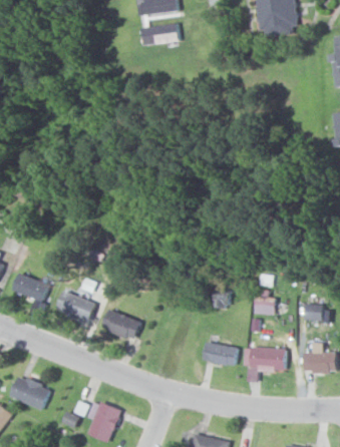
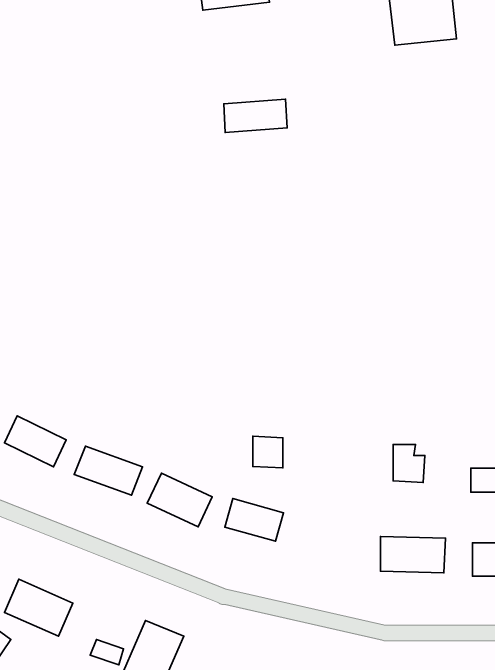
building: [136,23,177,44] -> [224,99,287,132]
building: [213,289,232,309] -> [253,436,283,468]
building: [203,341,240,368] -> [225,498,284,541]

